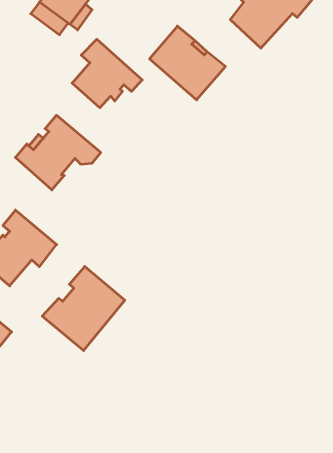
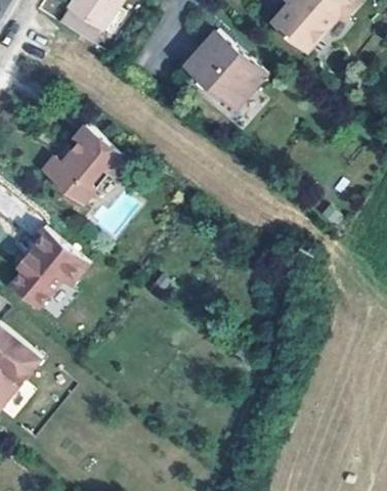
building: [72,39,142,108] -> none
building: [42,266,125,351] -> none

